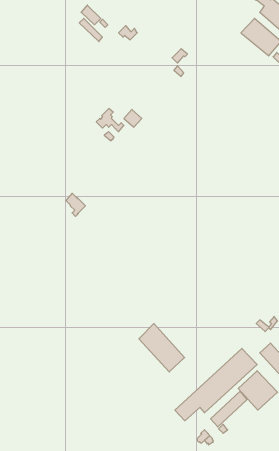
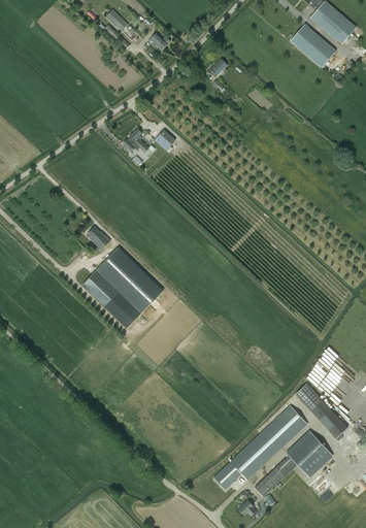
building: none -> [82,248,163,328]
building: [139,324,185,372] -> none

